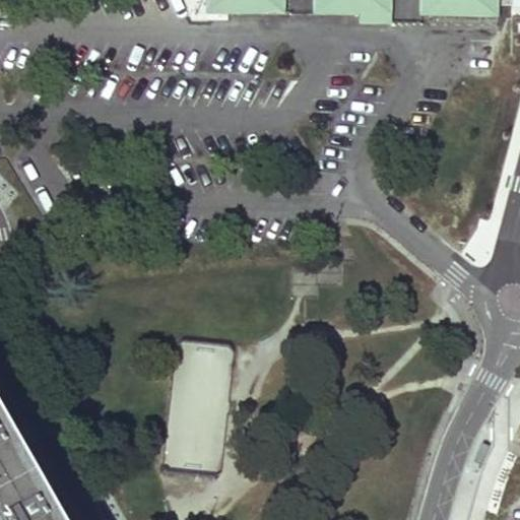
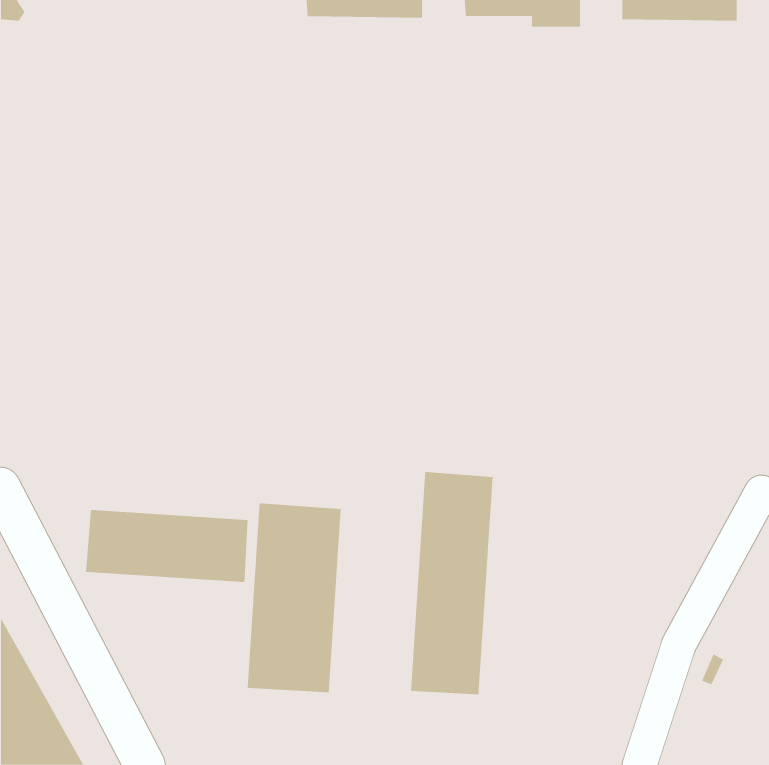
building: none -> [410,471,493,695]
building: none -> [86,509,248,583]

